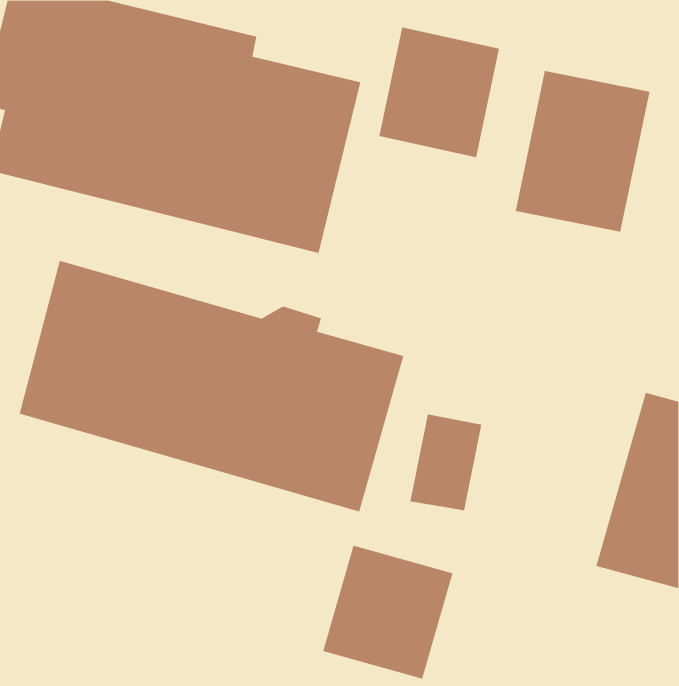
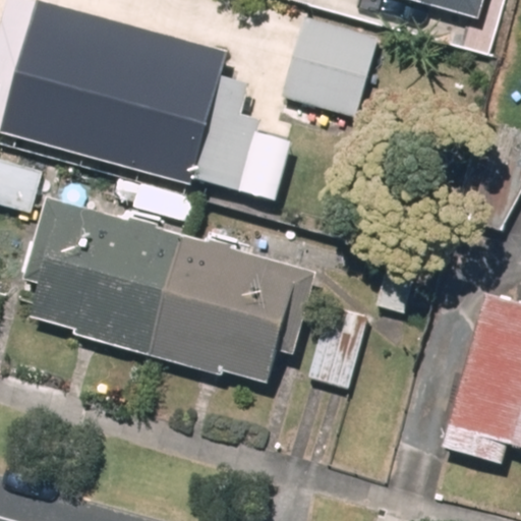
building: [515,70,650,232] -> none
building: [322,545,453,679] -> none

